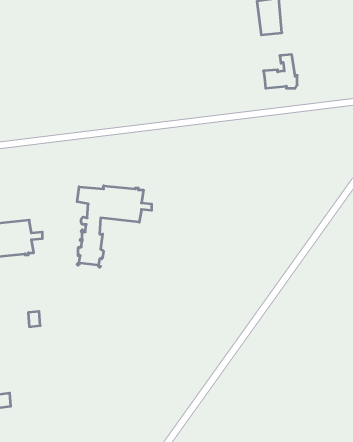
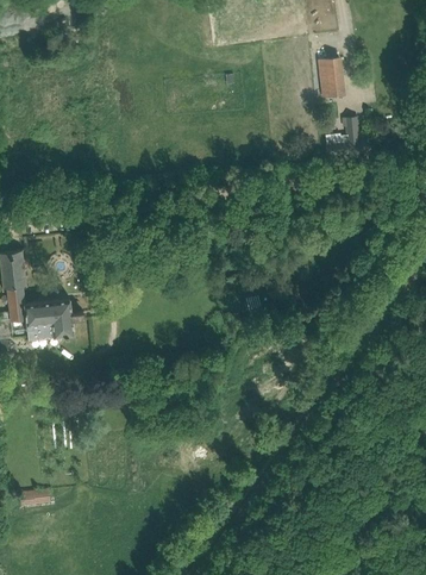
building: [77,186,152,267] -> none

